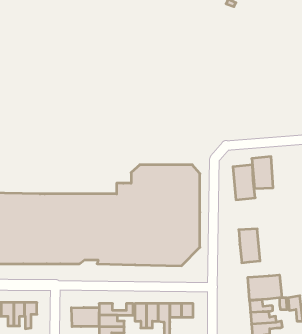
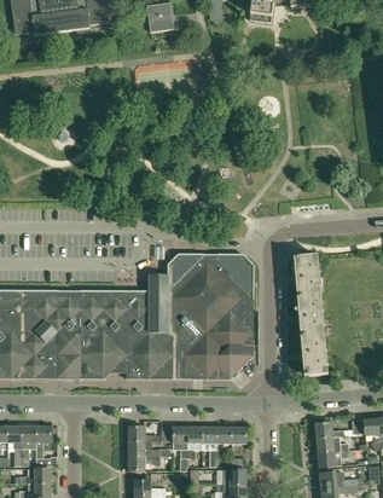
building: [252,157,273,189] -> [298,295,325,335]
building: [248,275,282,300] -> none
building: [71,307,99,327] -> none

